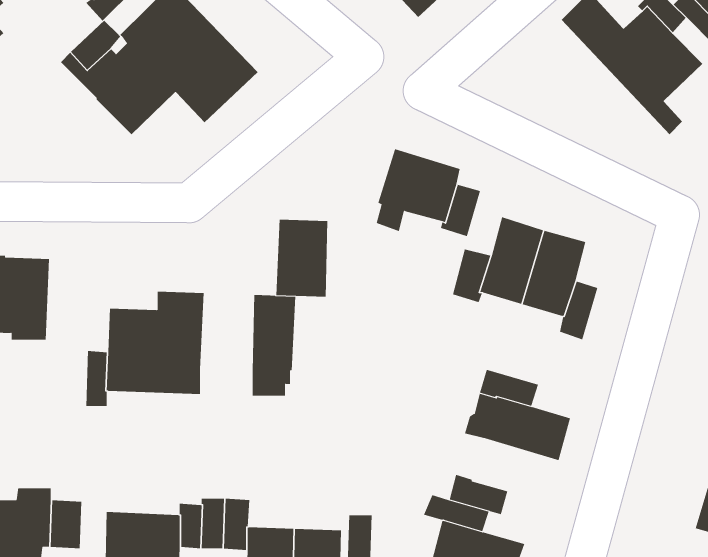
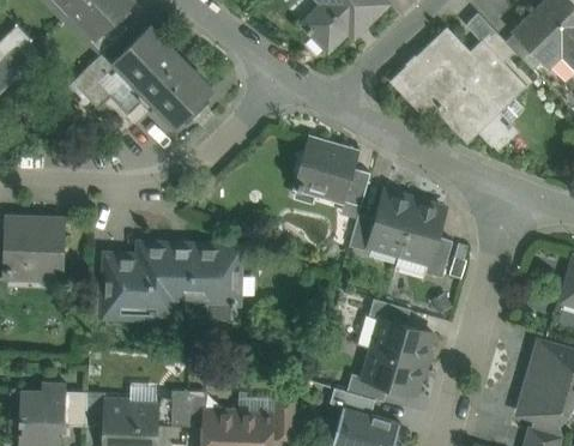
building: none -> [392,52,502,144]
building: [275,219,328,297] -> [171,245,209,300]
building: none -> [363,348,424,393]

